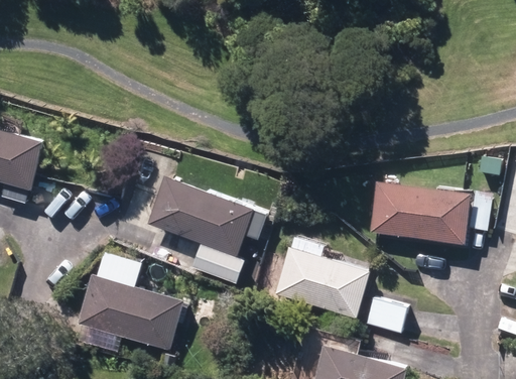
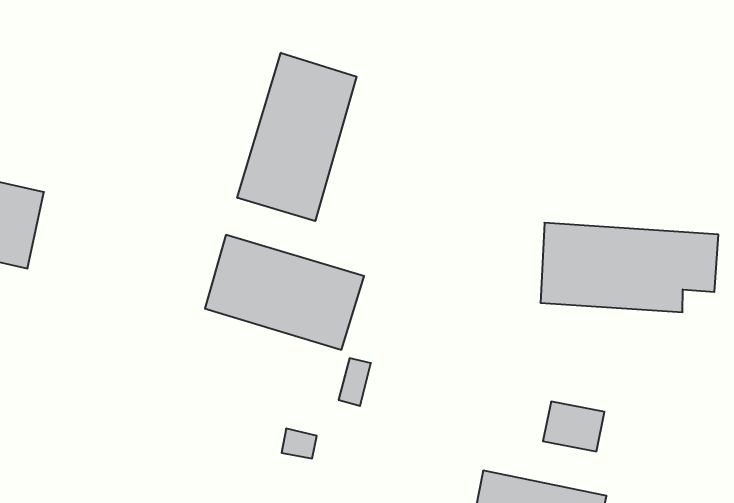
building: none -> [237,53,357,221]
building: [274,237,370,318] -> none
building: [77,274,182,350] -> none

